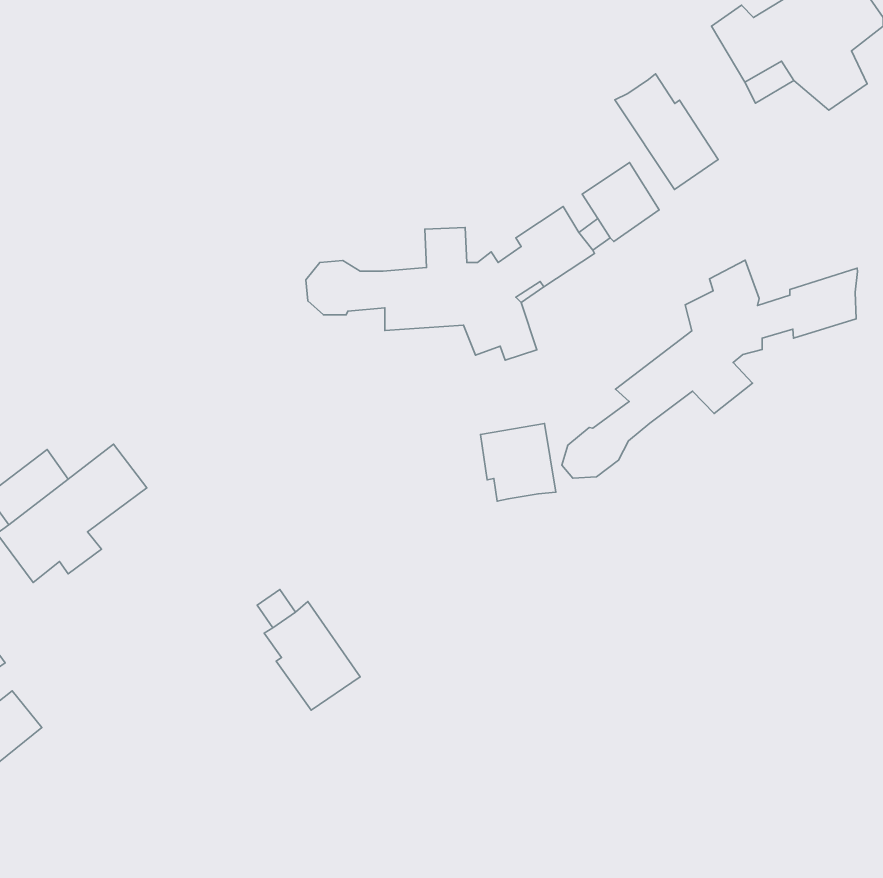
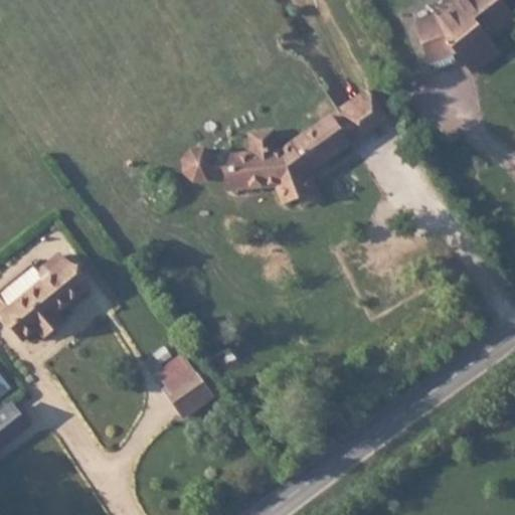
building: [615,74,718,190] -> none
building: [562,260,858,478] -> none
building: [480,423,556,501] -> none

